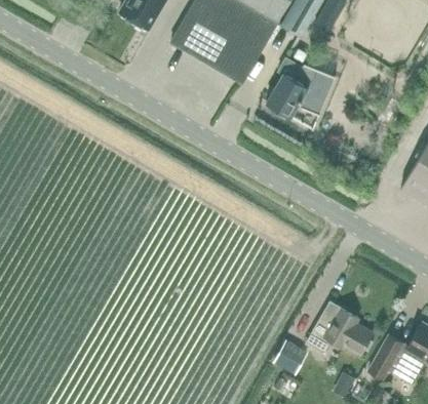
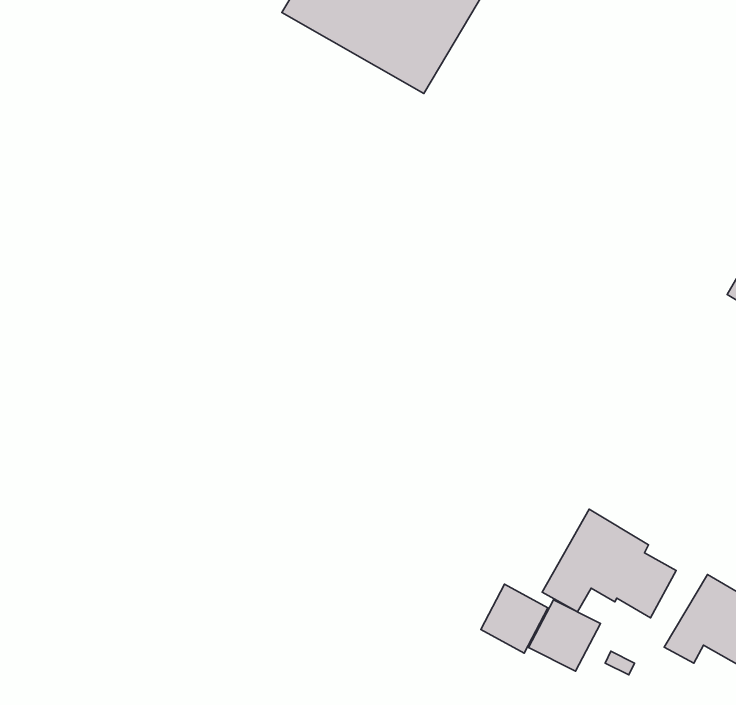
building: [267,57,335,116] -> none
building: none -> [528,600,601,671]

